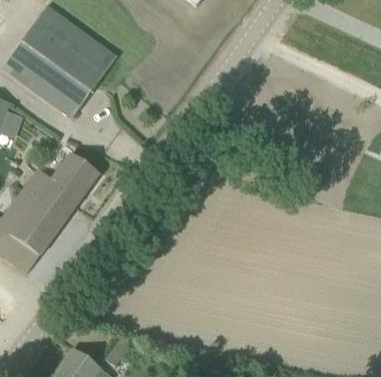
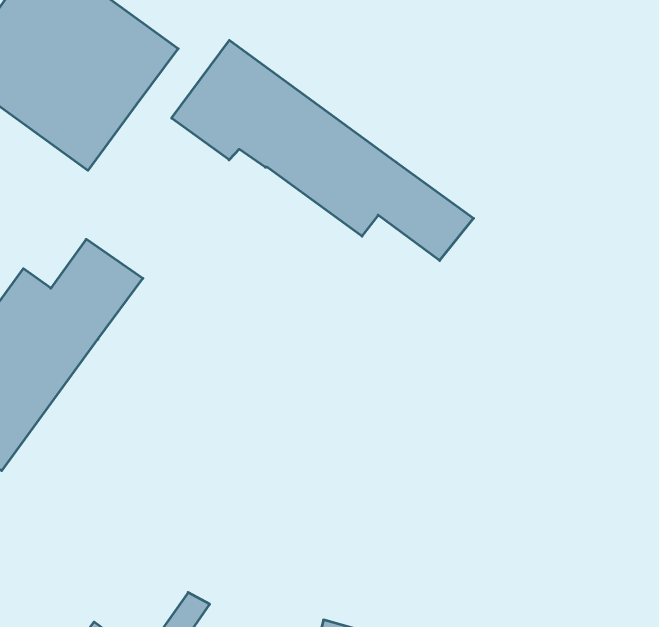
building: none -> [172,40,474,261]

